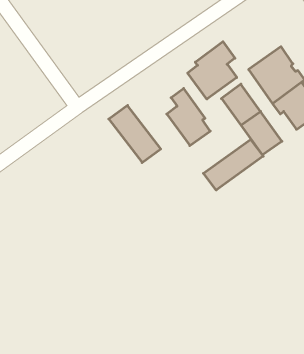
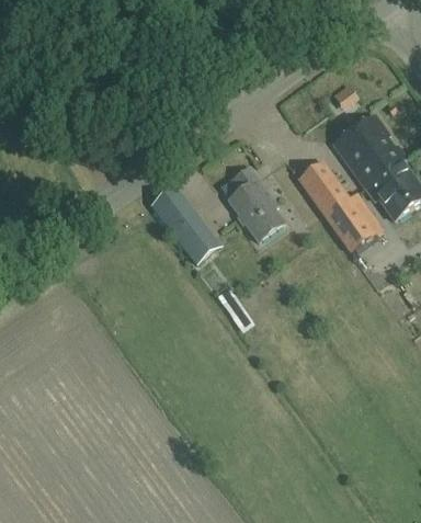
building: [188,42,237,99] -> none
building: [203,140,263,190] -> none

